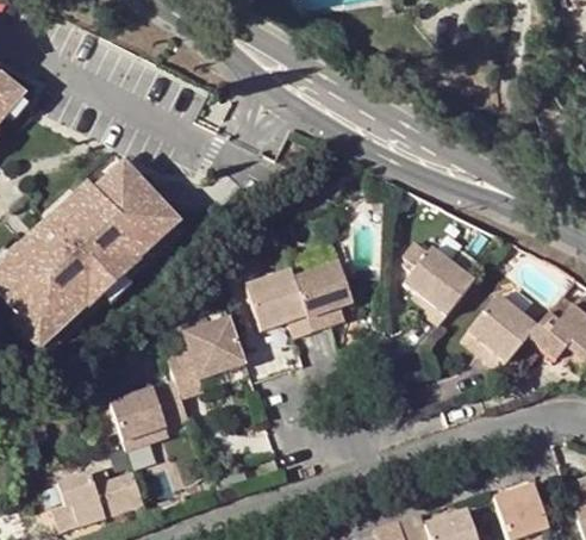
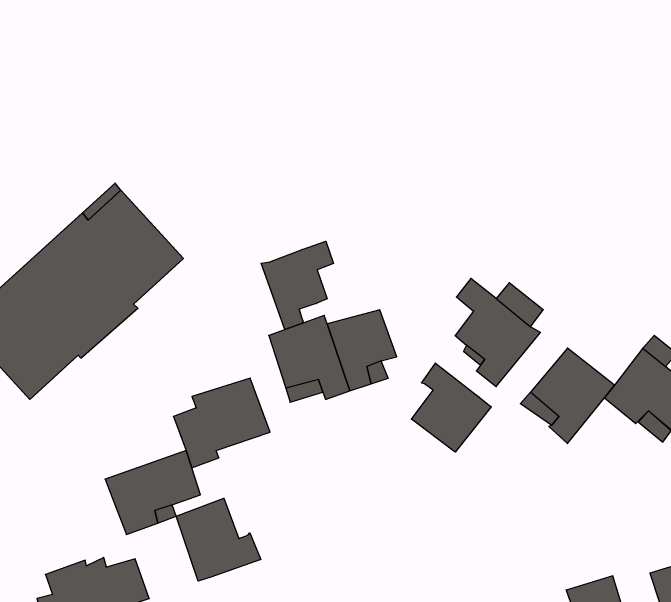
building: none -> [261,241,333,329]
building: none -> [411,363,491,452]
building: none -> [176,498,261,581]

